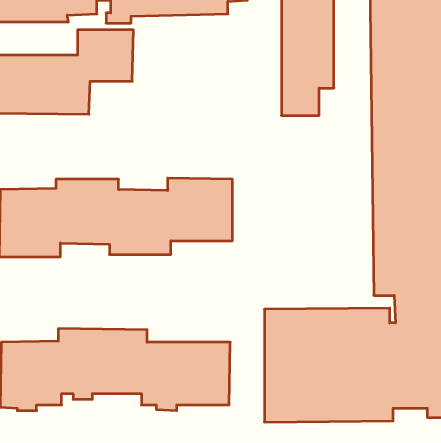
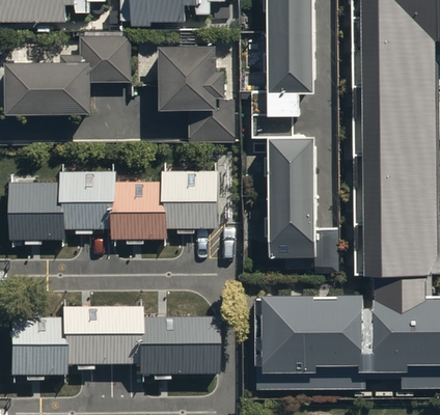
building: none -> [160,43,238,142]
building: none -> [268,134,340,268]

